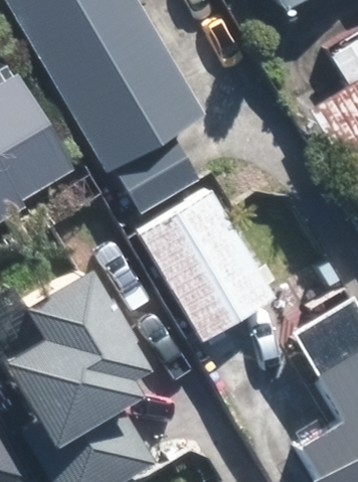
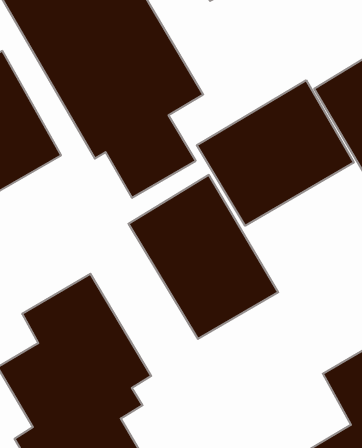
building: none -> [197,80,354,226]

